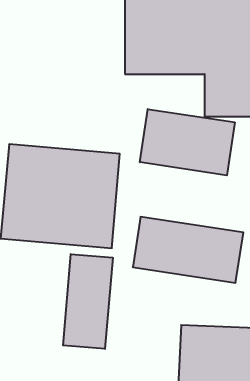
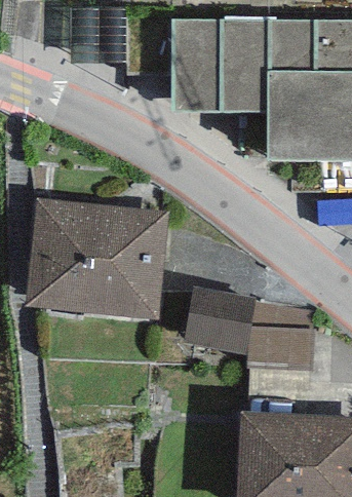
building: [140,109,235,175] -> none
building: [63,254,113,349] -> none

